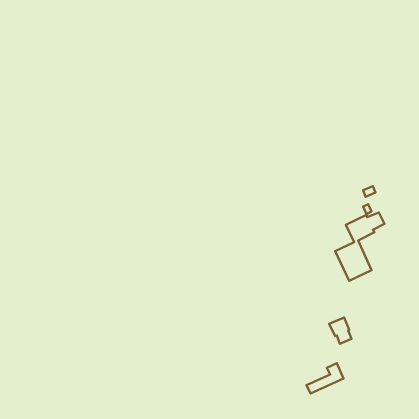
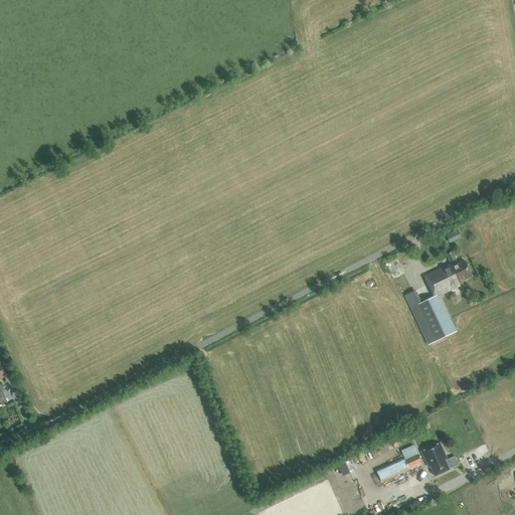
building: [329,317,351,344] -> [420,442,448,474]

